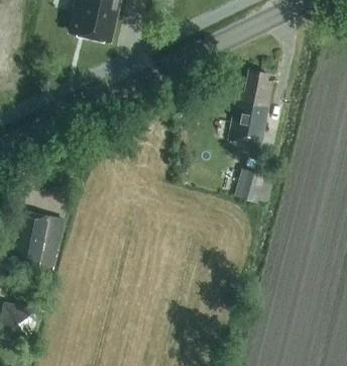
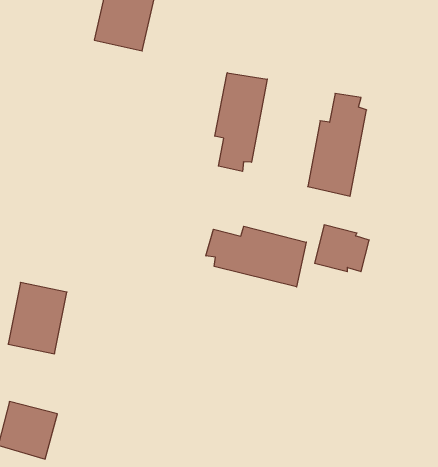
building: none -> [215,73,267,171]
building: none -> [206,226,306,287]

